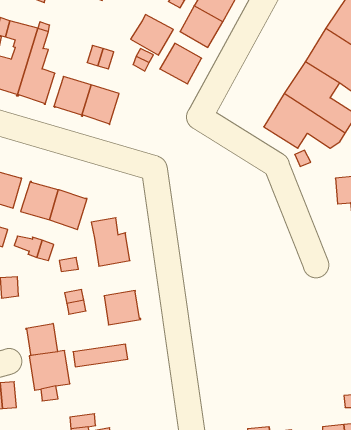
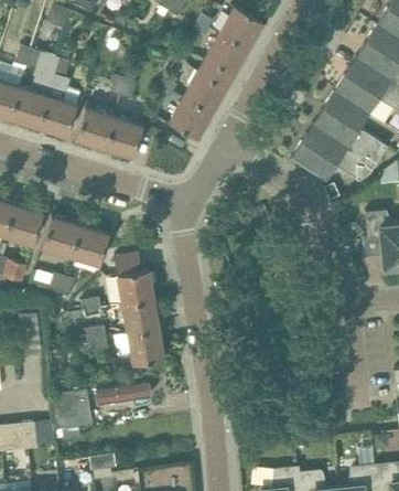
building: [131,15,173,55] -> [169,100,213,142]
building: none -> [121,298,159,334]
building: [26,323,58,356] -> none

